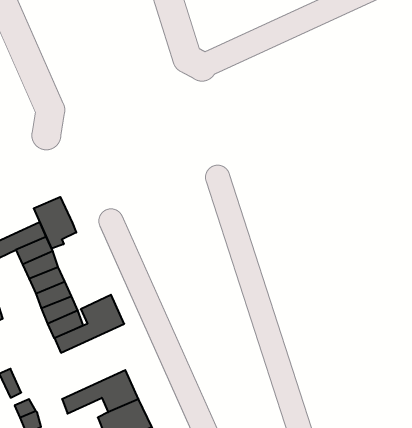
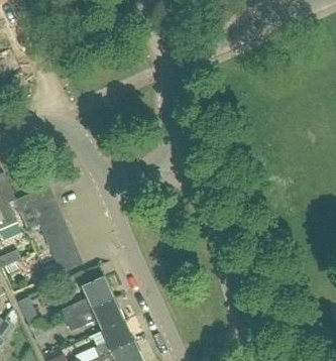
building: [34,197,76,249] -> none
building: [54,295,124,353] -> [61,276,114,321]

